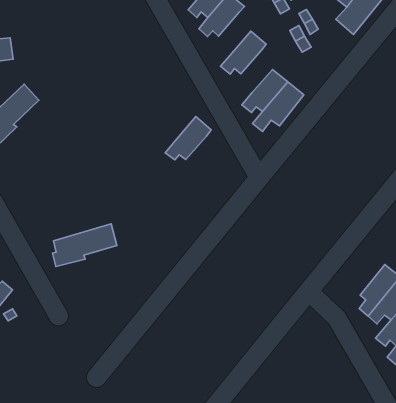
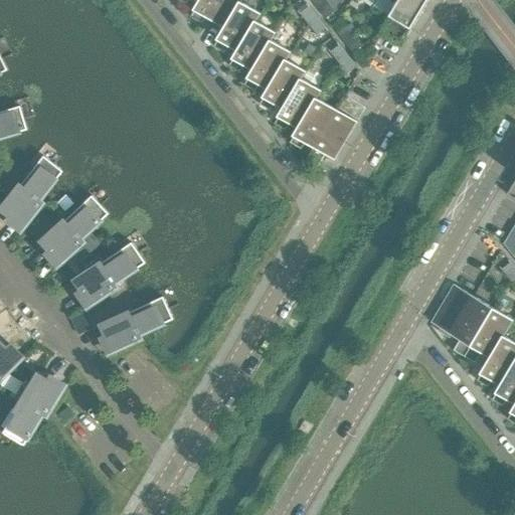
building: none -> [242,39,290,91]
building: [165,117,211,160] -> [273,77,320,129]
building: none -> [41,195,108,266]
building: none -> [74,241,144,306]
building: none -> [430,283,473,337]

